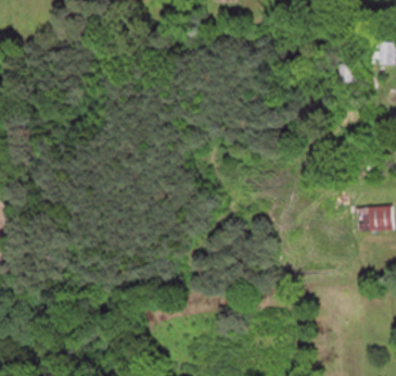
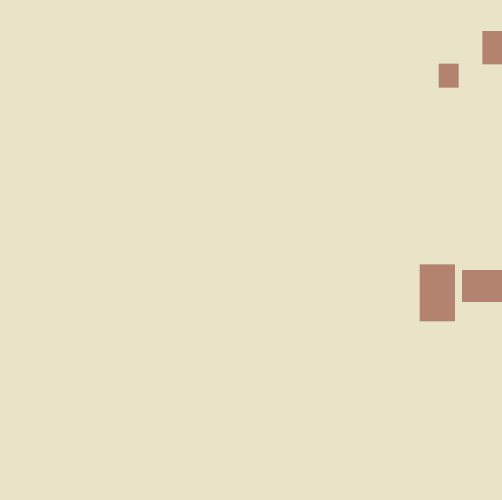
building: none -> [419,263,456,322]

